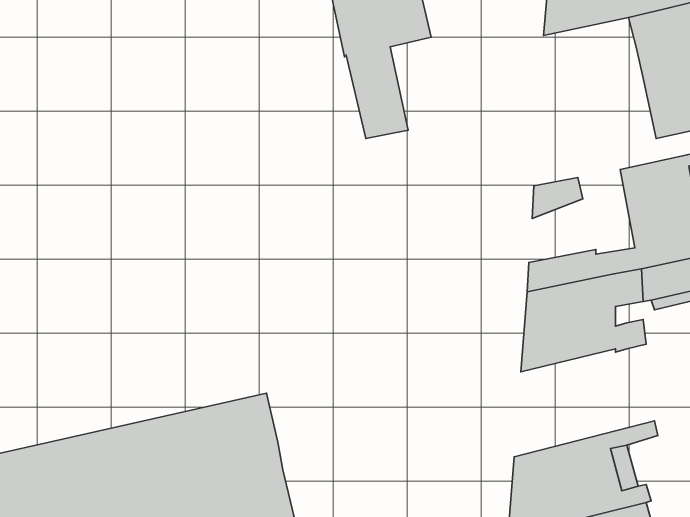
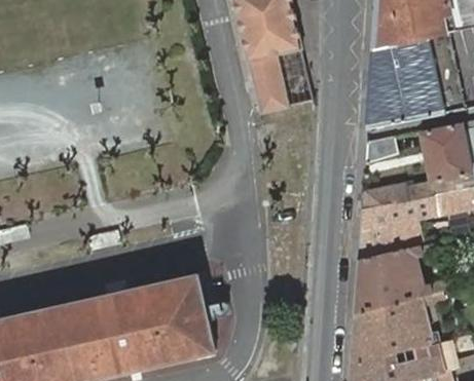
building: none -> [369,38,445,129]
building: none -> [356,240,454,314]

